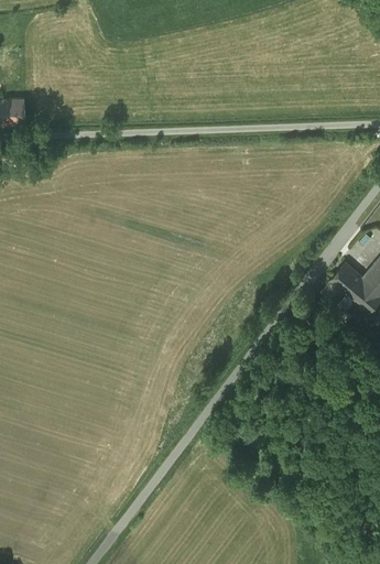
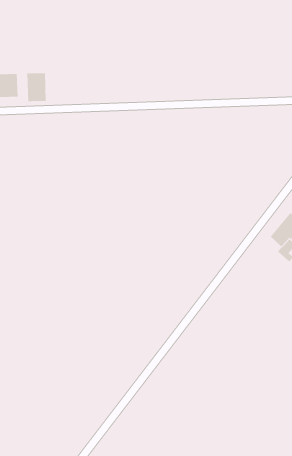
building: none -> [27,73,46,102]

